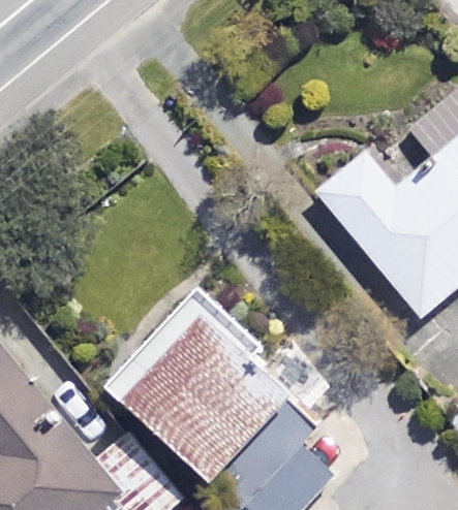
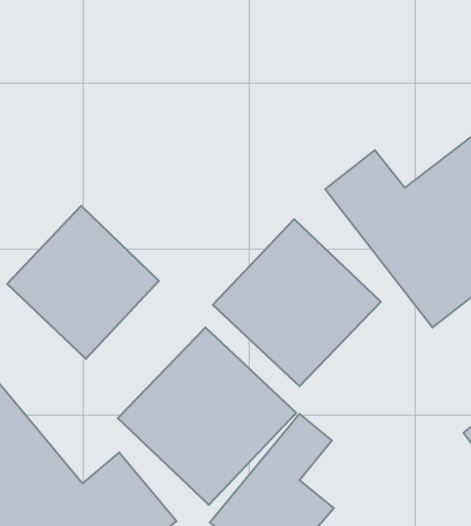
building: none -> [7,206,159,359]
building: none -> [213,219,381,386]

